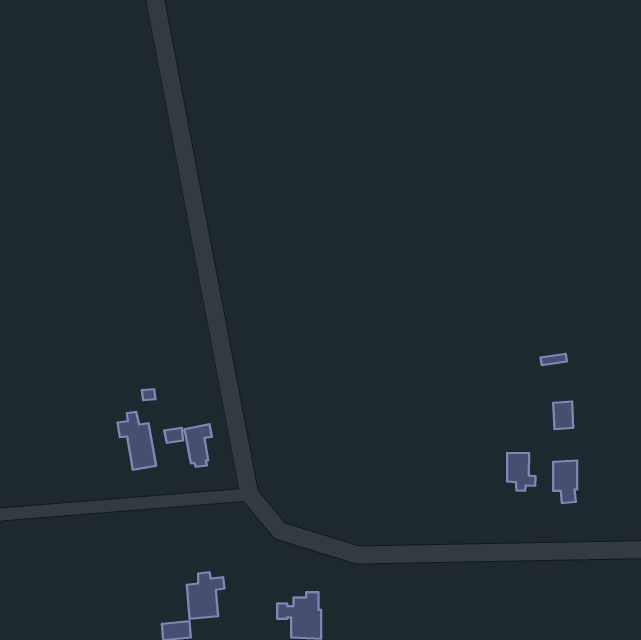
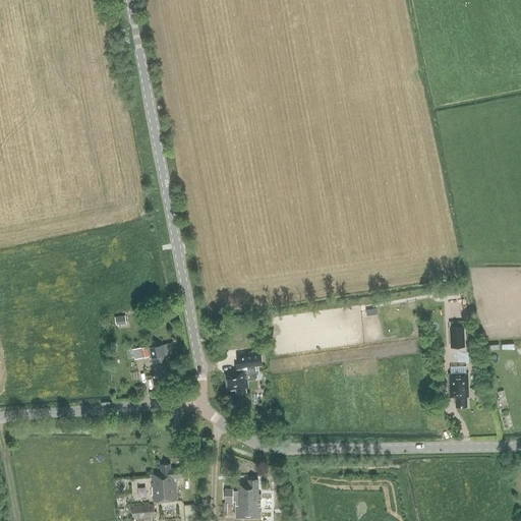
building: [117,412,156,470] -> none
building: none -> [225,355,263,395]
building: [507,453,536,491] -> none

